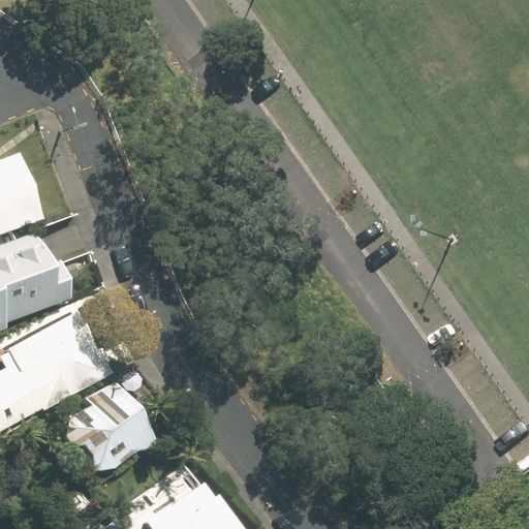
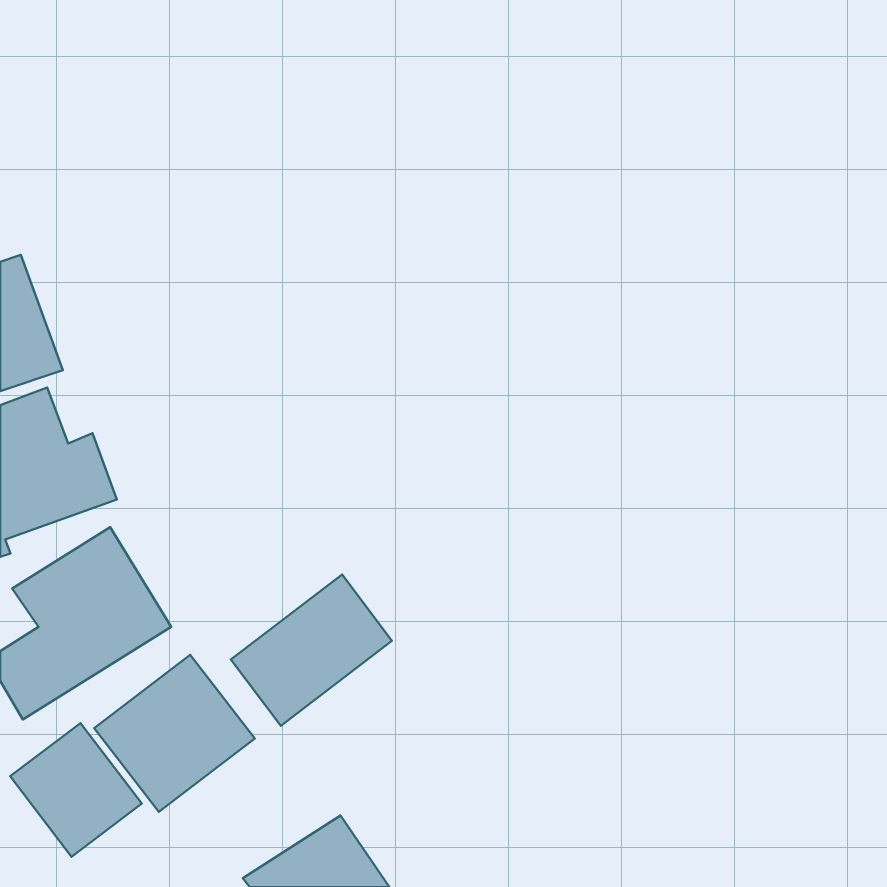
building: none -> [231,575,392,726]
building: none -> [10,723,142,857]

